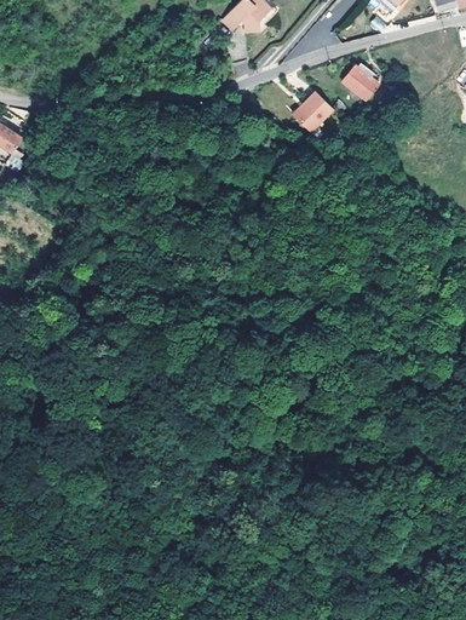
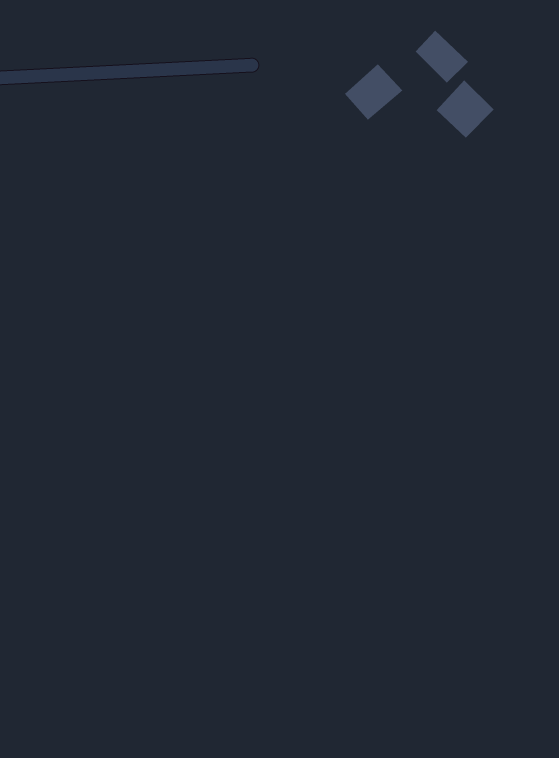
building: none -> [436,79,494,139]

